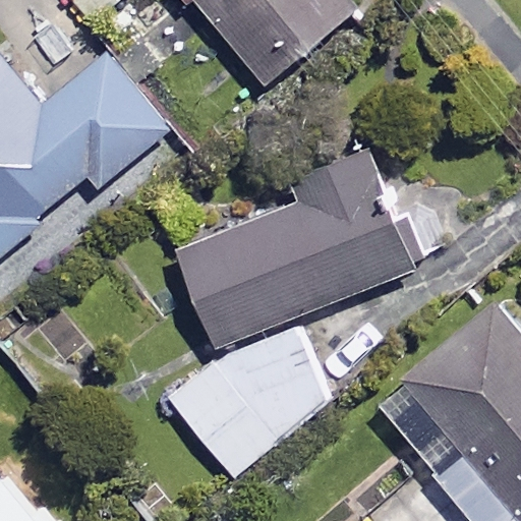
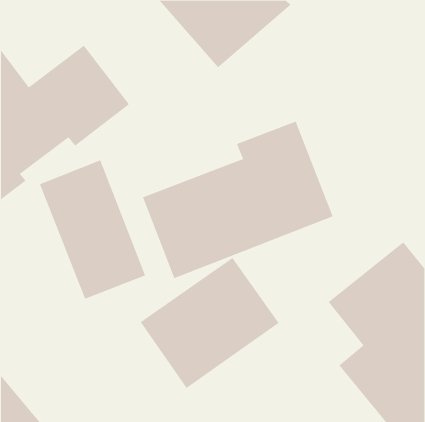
building: none -> [39,160,146,299]

